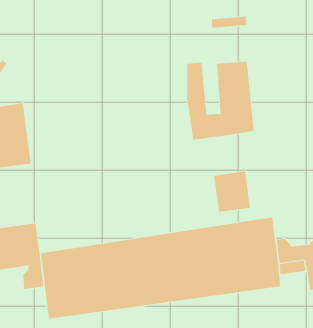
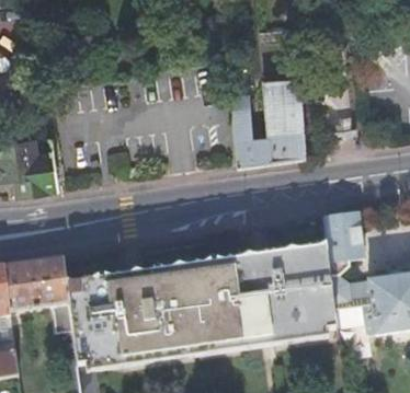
building: [213,171,251,212] -> [322,213,364,259]

